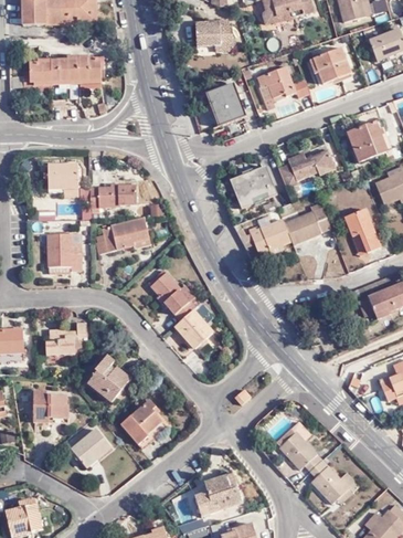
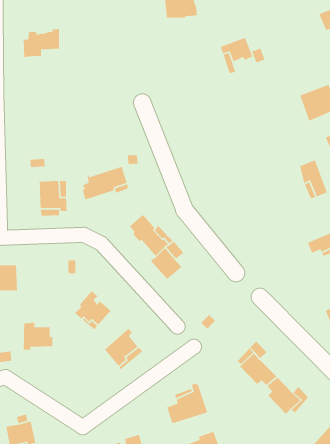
building: [310,48,348,83] -> none
building: [71,56,109,81] -> none
building: [205,84,242,126] -> none
building: [279,151,337,190] -> none
building: [45,163,76,188] -> none
building: [232,166,272,208] -> none
building: [88,181,136,210] -> none
building: [237,207,331,253] -> none
building: [49,329,77,356] -> none
building: [72,431,110,470] -> none

